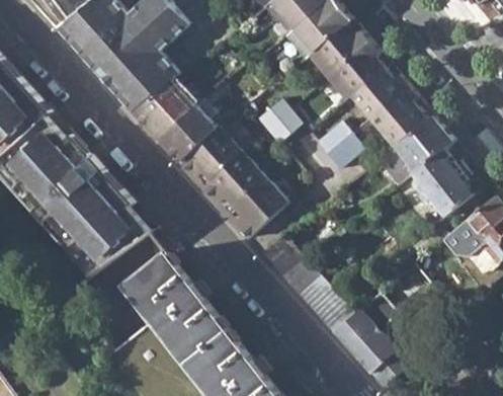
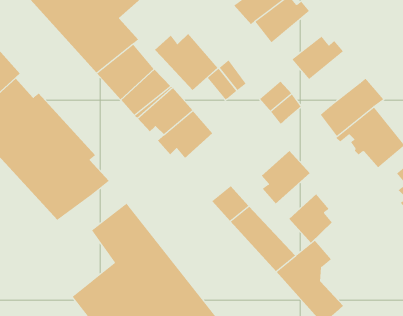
building: [326,43,382,100] -> none
building: none -> [154,33,218,91]
building: [367,87,424,147] -> none
building: [231,177,285,237] -> [261,150,310,204]
building: none -> [288,194,333,243]

